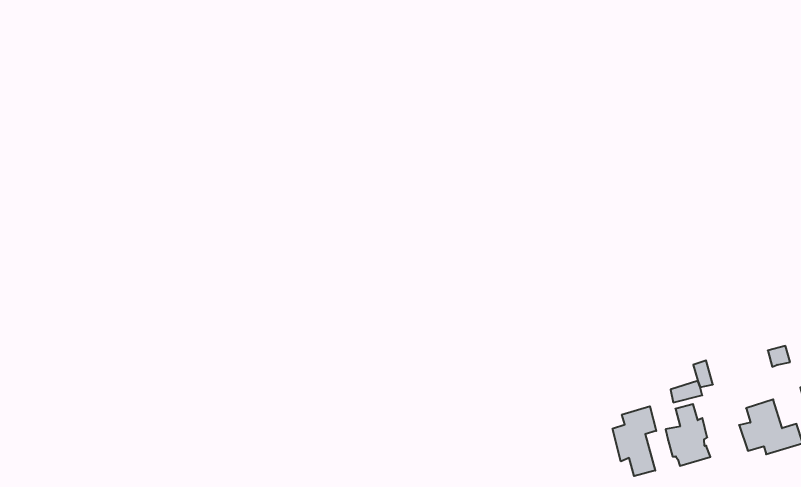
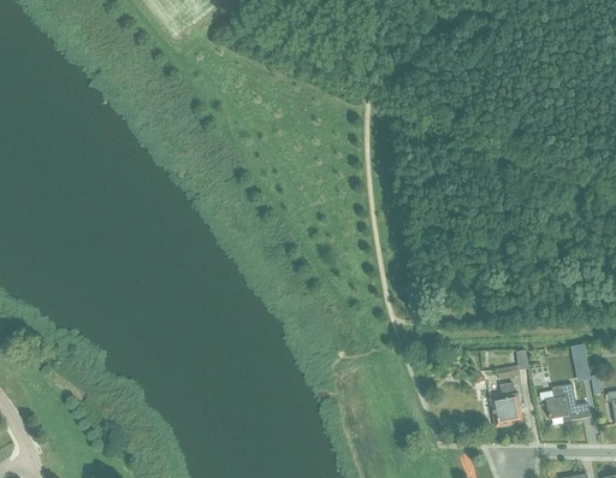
building: [613,406,656,476] -> none

